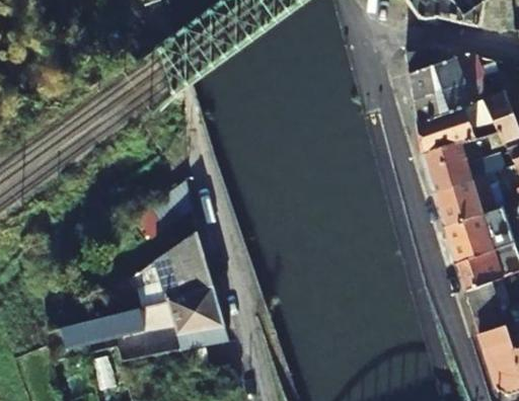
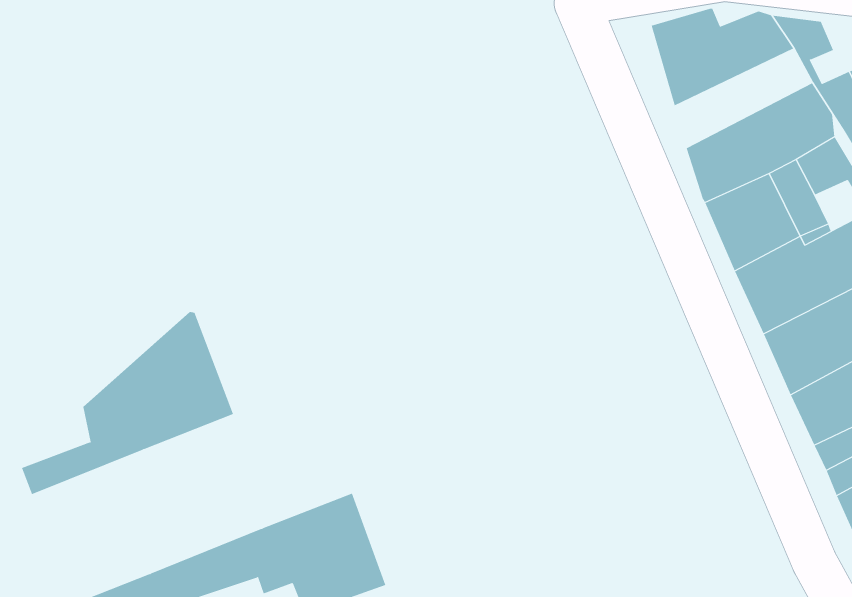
building: [410,77,486,125] -> none
building: [97,234,215,324] -> [21,311,234,495]

